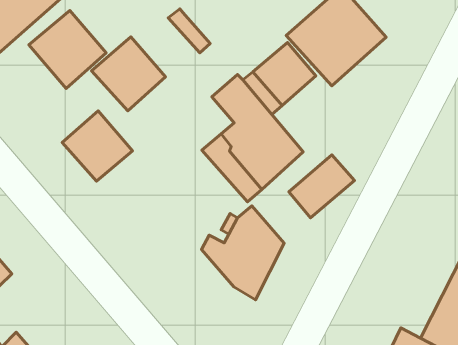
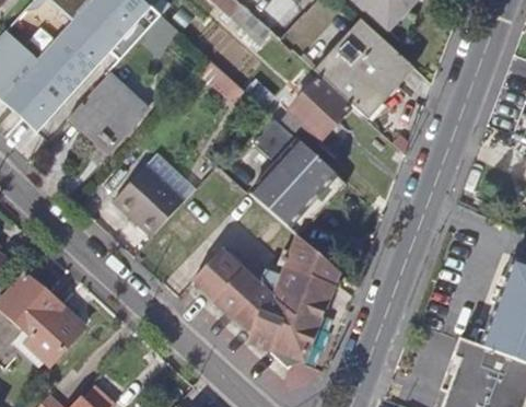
building: [92,37,165,111] -> none
building: [289,155,355,218] -> none
building: none -> [192,249,317,365]

